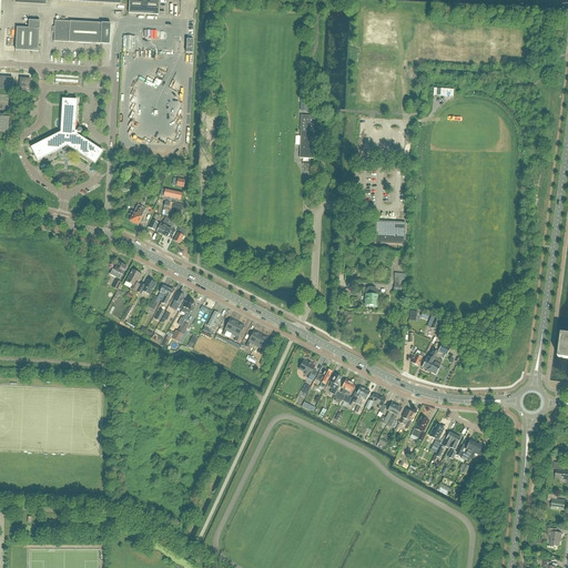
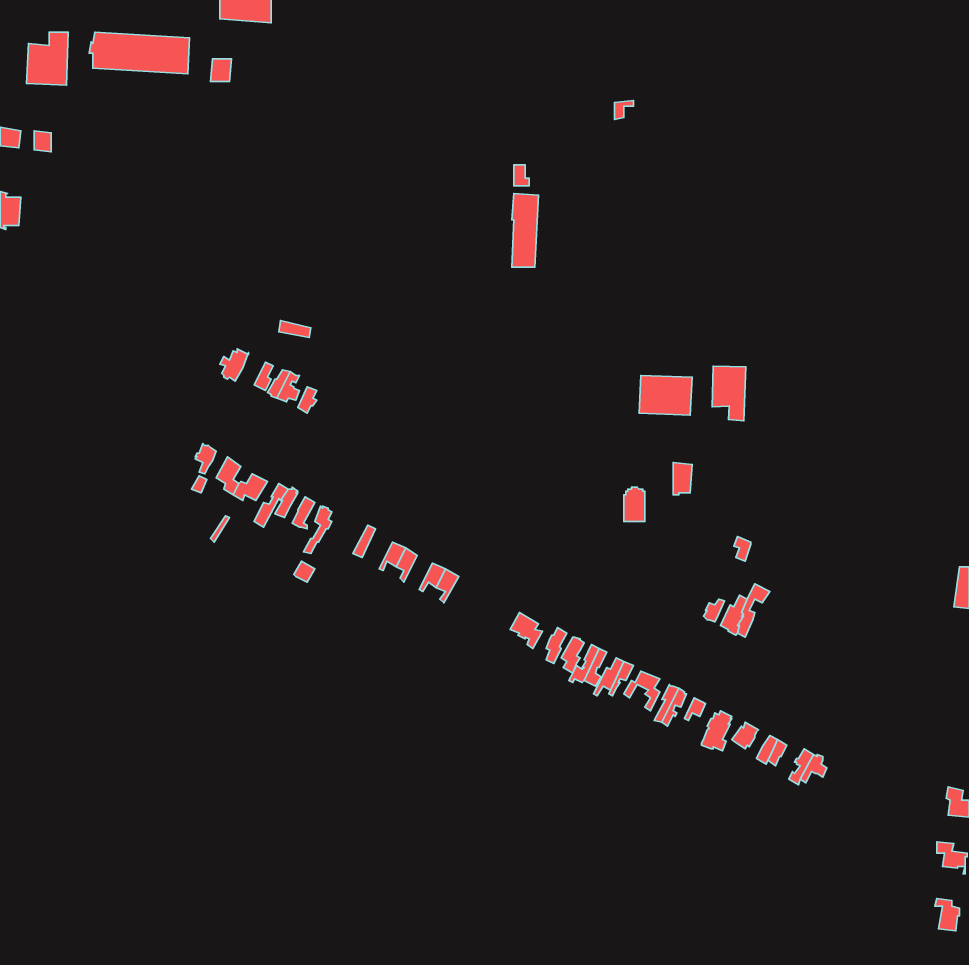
building: [31,98,103,162] -> none
building: none -> [712,366,746,421]

